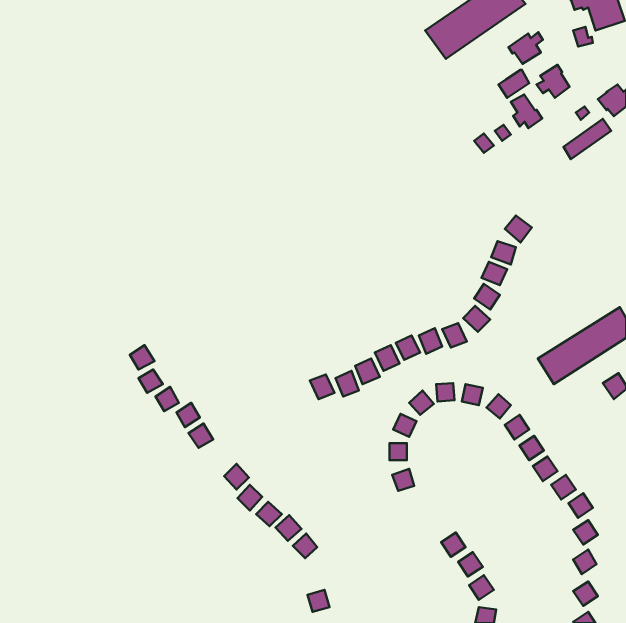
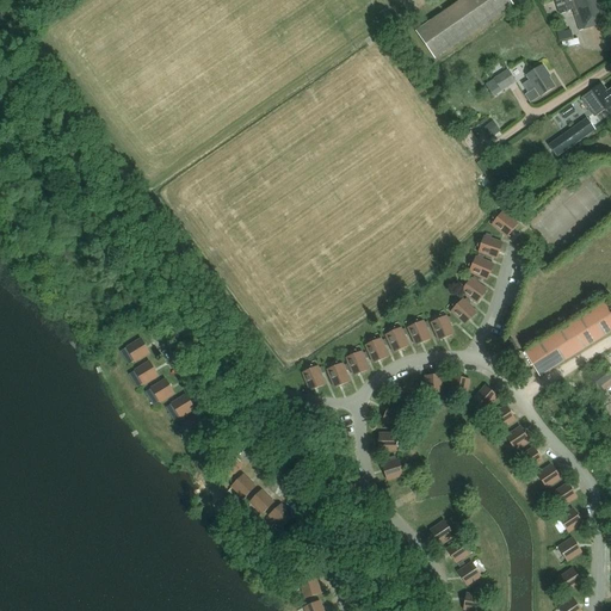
building: [508,32,543,64] -> none
building: [511,94,542,128] -> none

